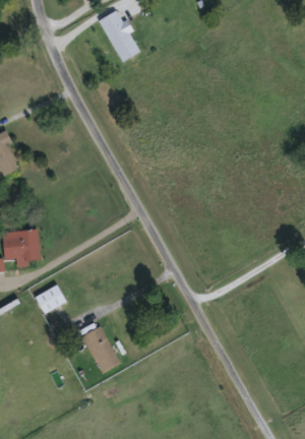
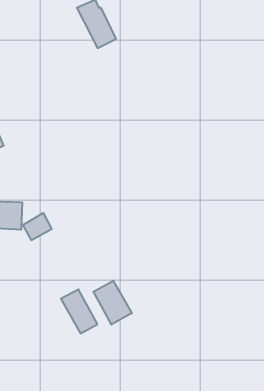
building: [35,284,66,313] -> [23,213,52,240]
building: none -> [93,281,132,325]

